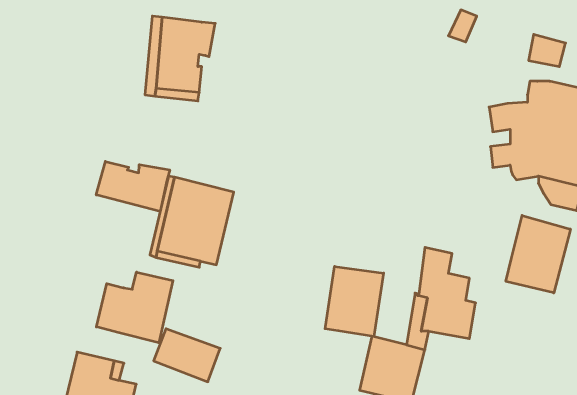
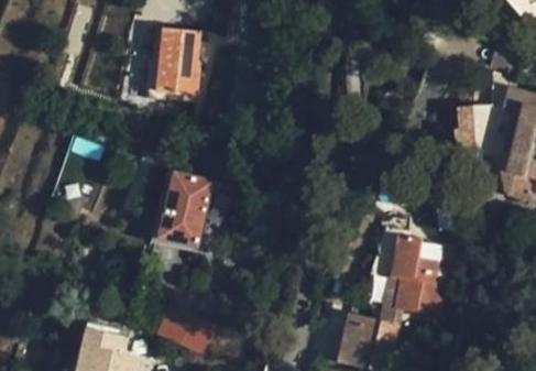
building: [96,161,170,211] -> none
building: [506,215,570,293] -> none
building: [325,266,384,336] -> none
building: [96,272,173,343] -> none

